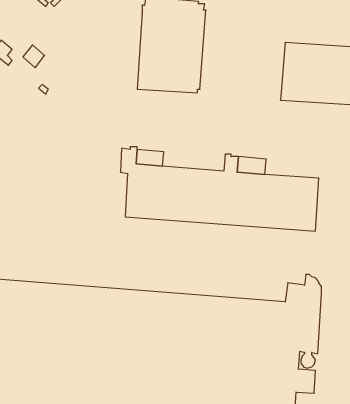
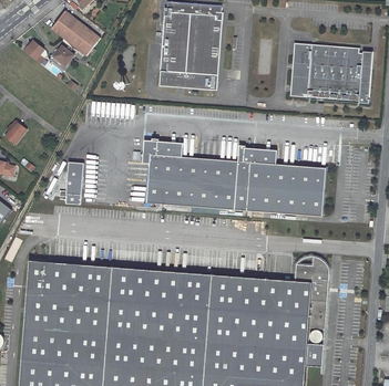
building: none -> [51,10,100,55]
building: none -> [59,161,83,204]

